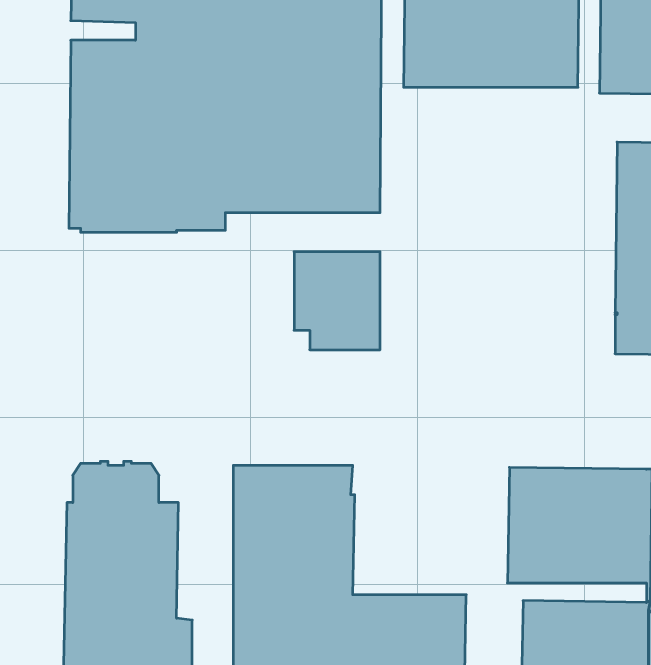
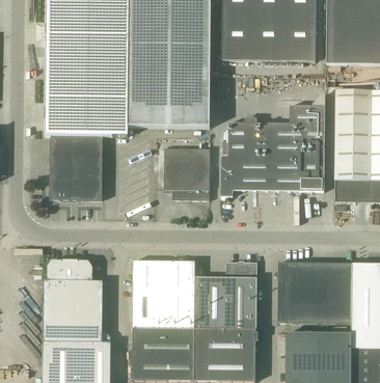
building: none -> [220,105,325,196]
building: none -> [50,137,103,201]
building: none -> [195,262,256,329]

